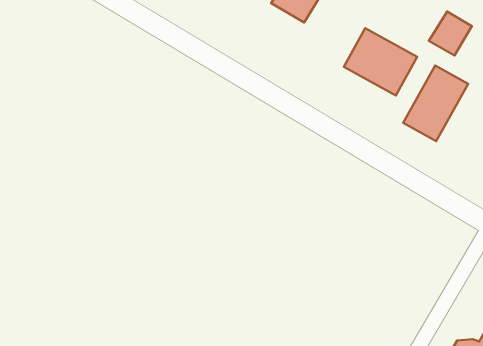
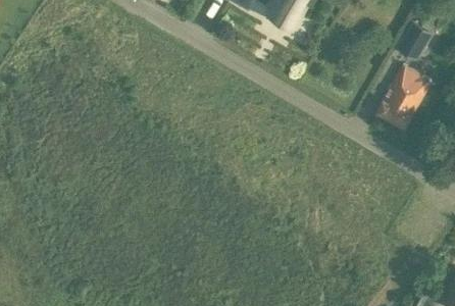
building: [344,28,417,96] -> none

